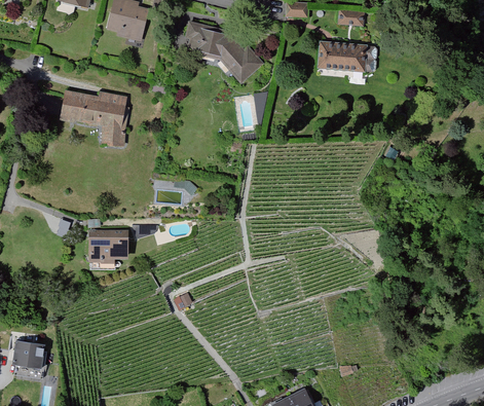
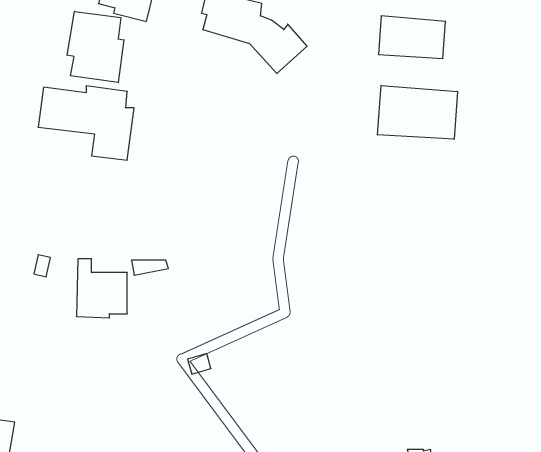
building: none -> [67,11,124,83]
building: none -> [378,85,457,139]

